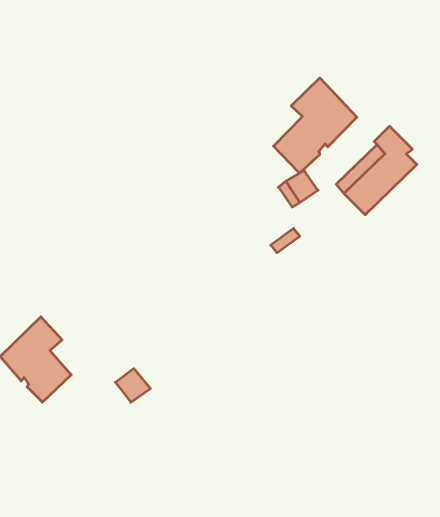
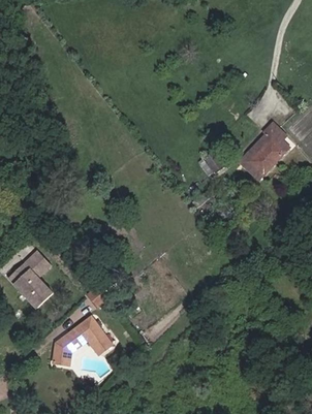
building: [273,78,357,173] -> none
building: none -> [53,317,111,365]

